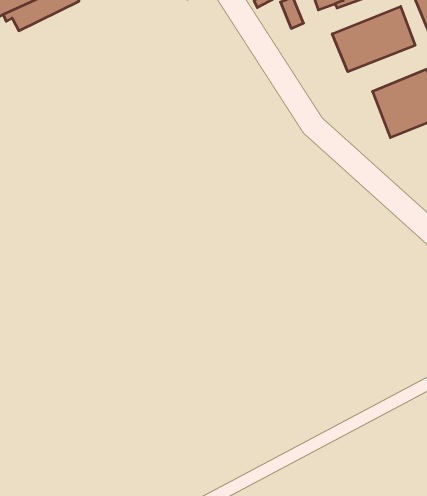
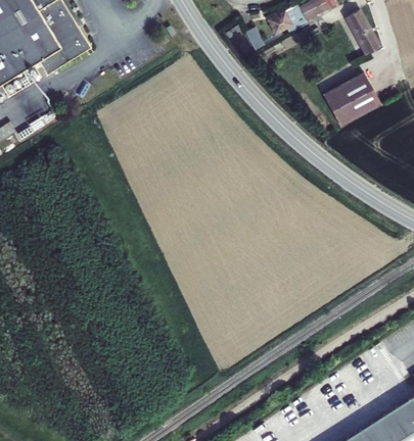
building: [332,6,415,72] -> none

